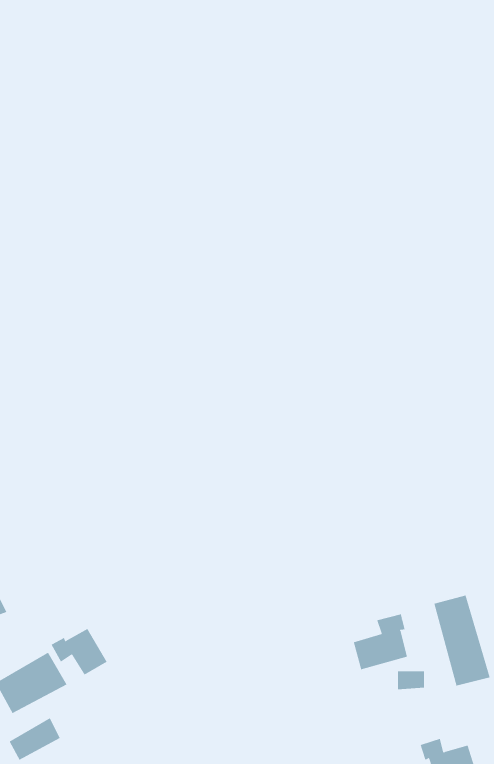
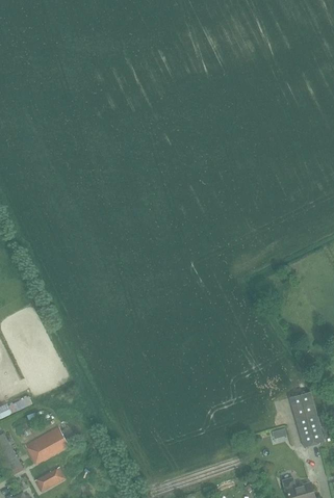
building: [353,614,407,670] -> none
building: [51,628,108,676] -> none

